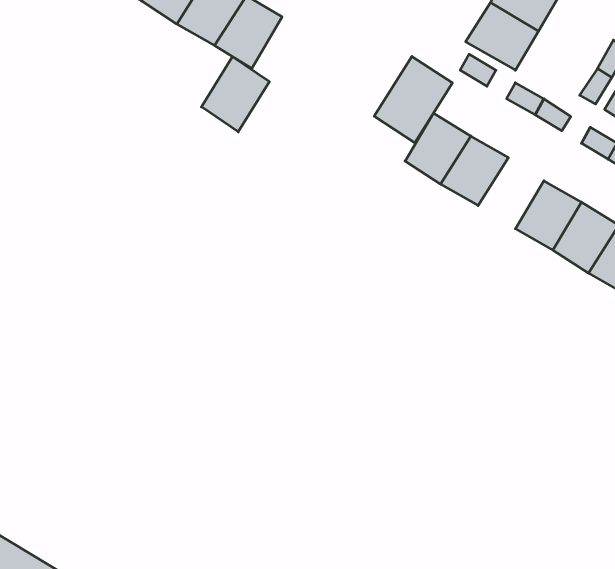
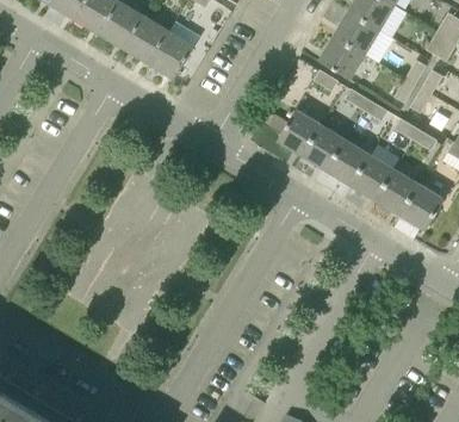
building: [374,56,452,143] -> none
building: [201,57,269,132] -> none
building: none -> [325,138,370,186]

